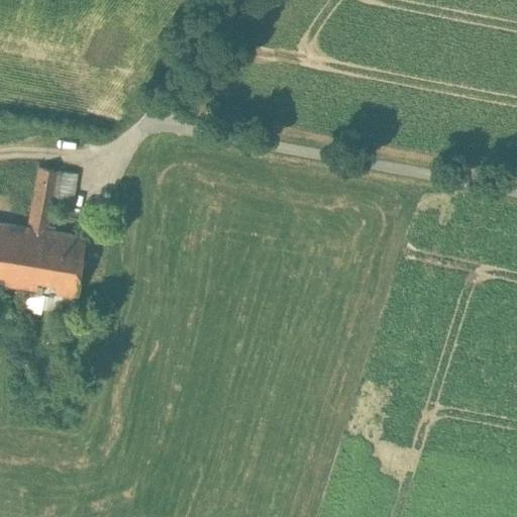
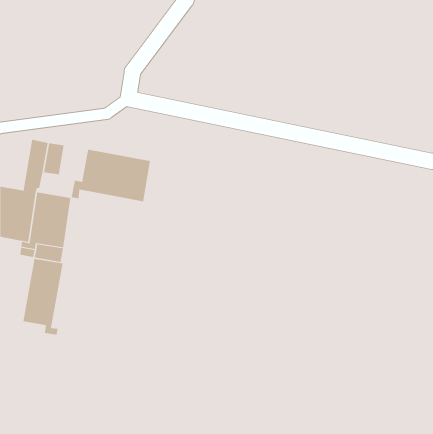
building: none -> [71,149,151,202]
building: none -> [23,258,63,336]

